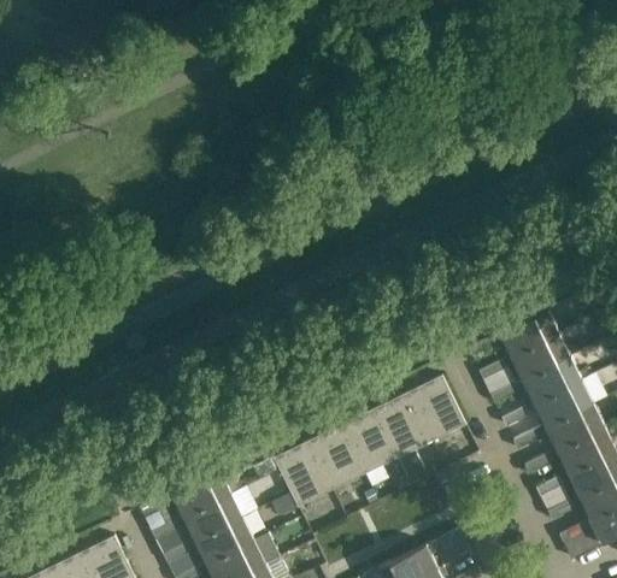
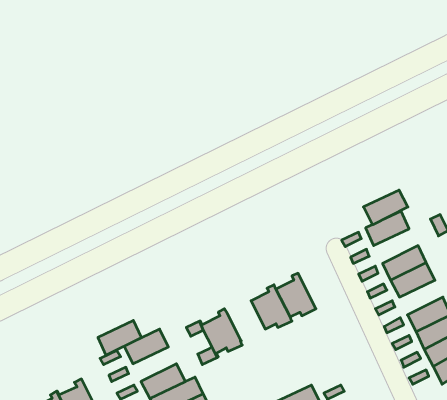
building: [510,334,570,381] -> [363,190,408,225]
building: [411,377,465,437] -> none
building: [545,403,604,450] -> none
building: [311,426,365,485] -> none
building: [183,494,242,541] -> [98,320,141,355]

